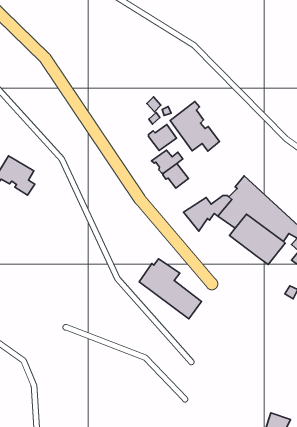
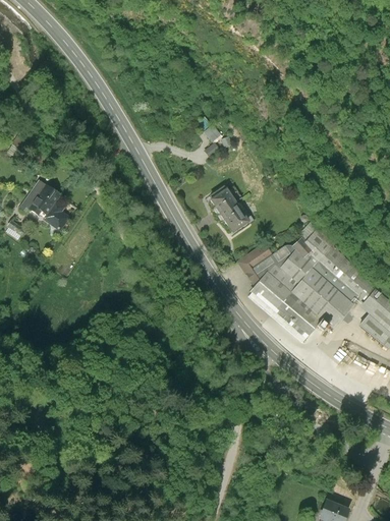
building: [170,102,220,151] -> none
building: [149,124,177,150] -> none
building: [139,259,202,319] -> [250,265,322,337]

